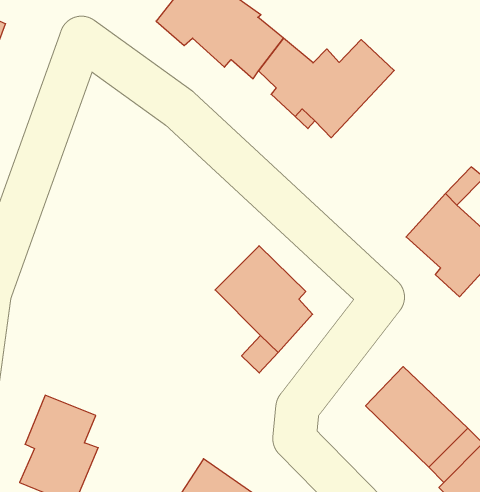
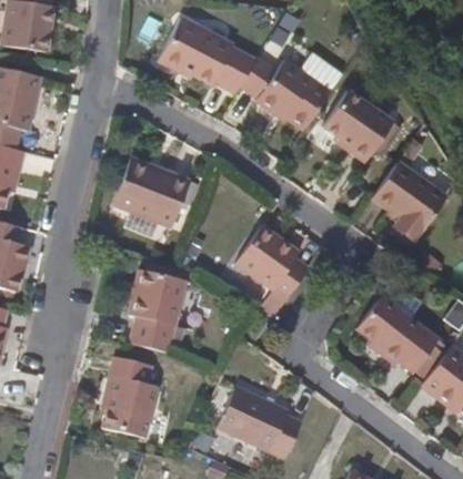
building: none -> [323,91,394,165]
building: none -> [114,169,189,230]
building: none -> [129,273,187,357]

